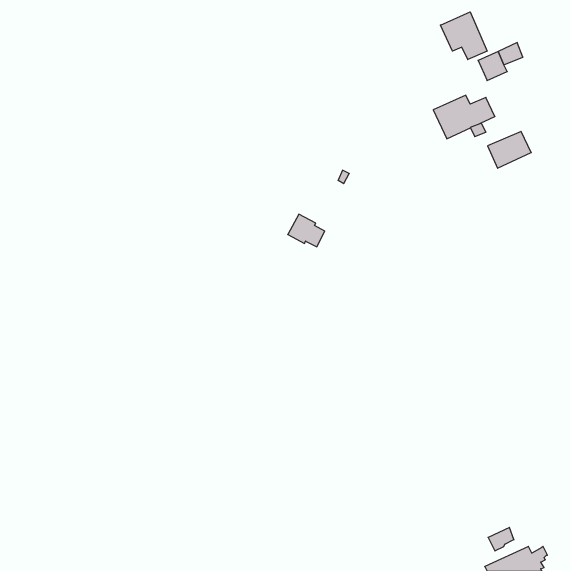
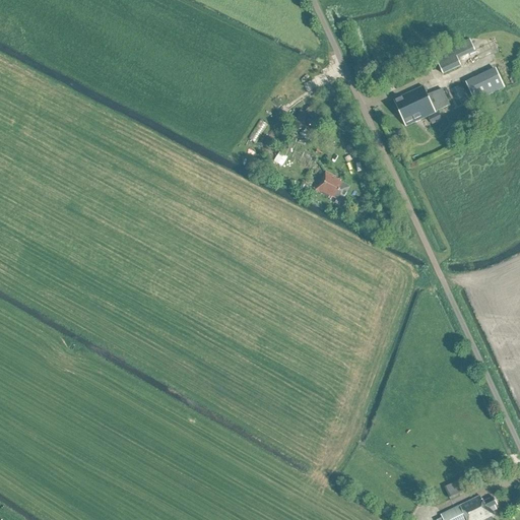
building: [440,12,487,60] -> none
building: [488,131,531,168] -> [464,68,504,102]
building: [288,214,325,247] -> [315,172,348,201]

